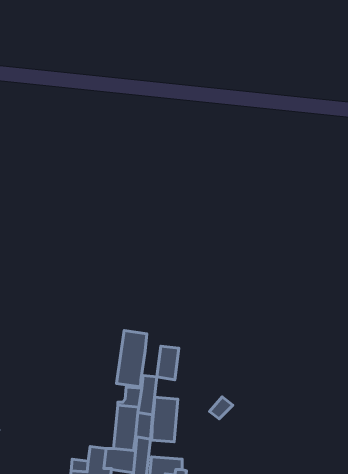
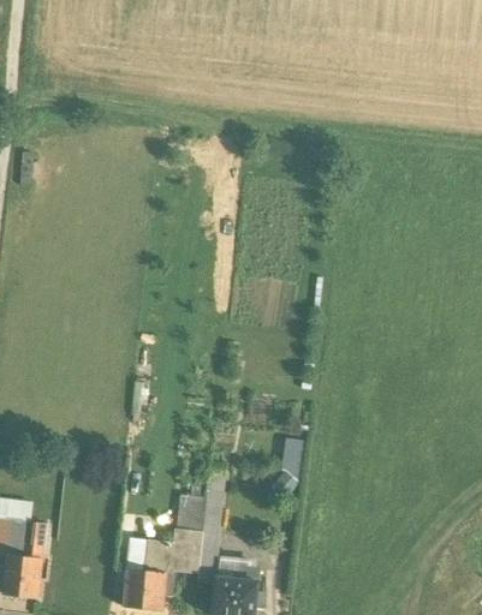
building: [116,331,147,387] -> none
building: [157,346,179,380] -> [278,436,303,474]
building: [152,397,178,442] -> none

